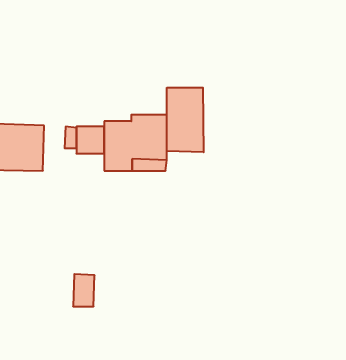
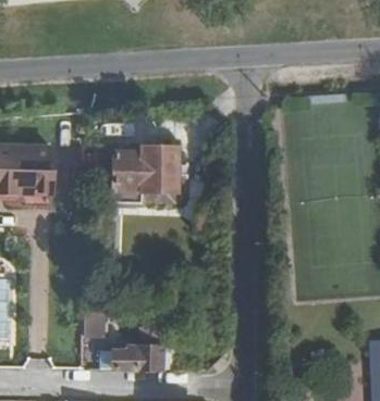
building: [167,88,204,152] -> none
building: none -> [105,344,179,368]

